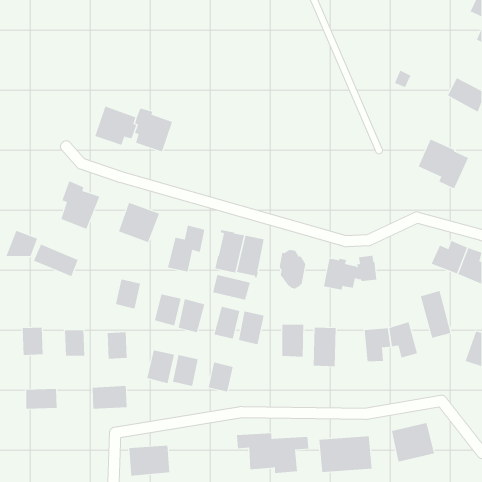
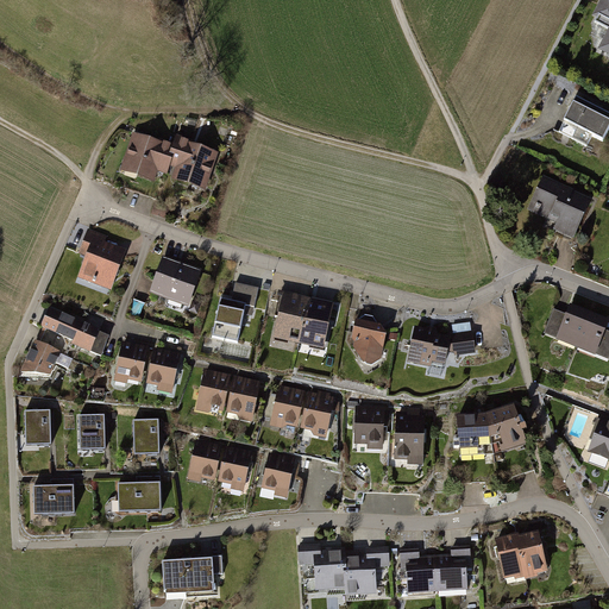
building: [6,230,38,257] -> [23,339,63,372]
building: none -> [111,344,144,382]
building: [212,274,250,301] -> none
building: [420,290,451,338] -> none

